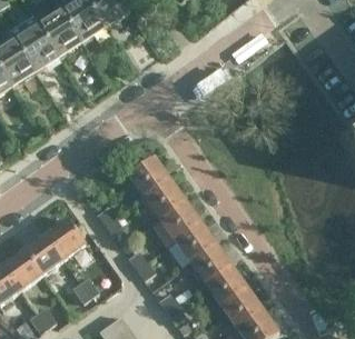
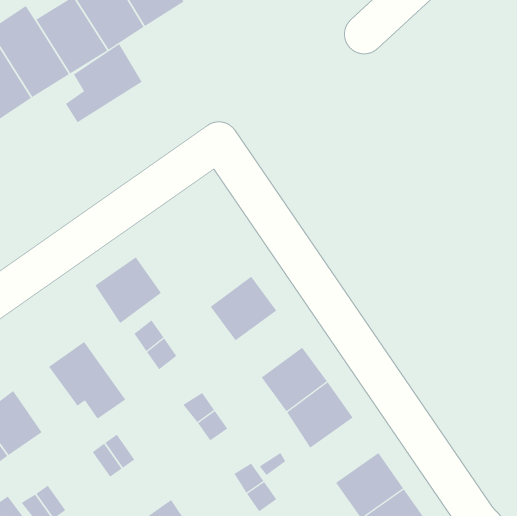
building: none -> [65,43,143,123]
building: [128,157,169,198] -> [94,257,162,324]
building: [159,200,200,241] -> none
building: [23,235,62,275] -> none
building: [205,266,247,306] -> none

